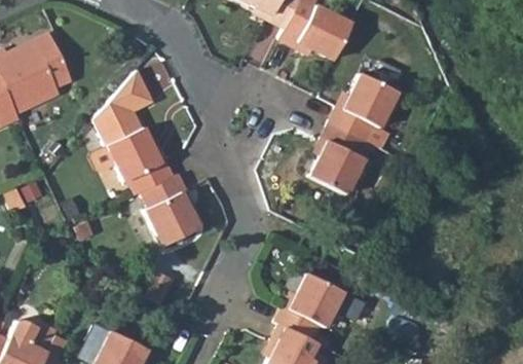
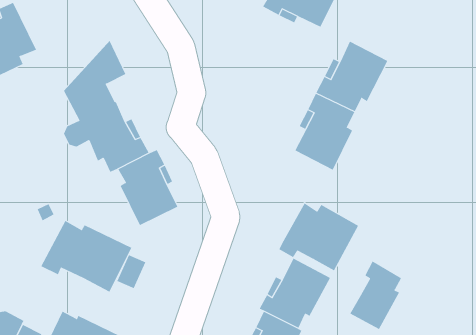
building: none -> [279,203,359,271]
building: none -> [41,220,132,292]
building: none -> [349,260,402,330]

